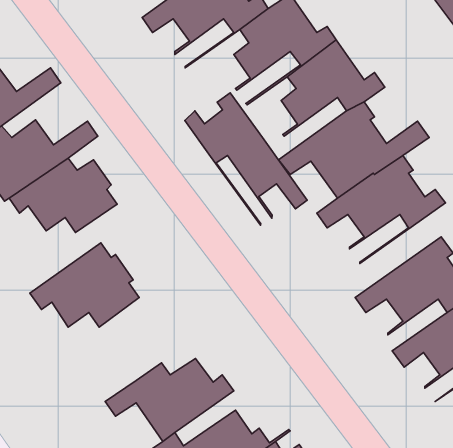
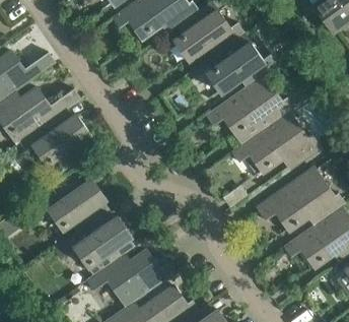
building: [185,93,307,225] -> none
building: none -> [73,215,141,267]

